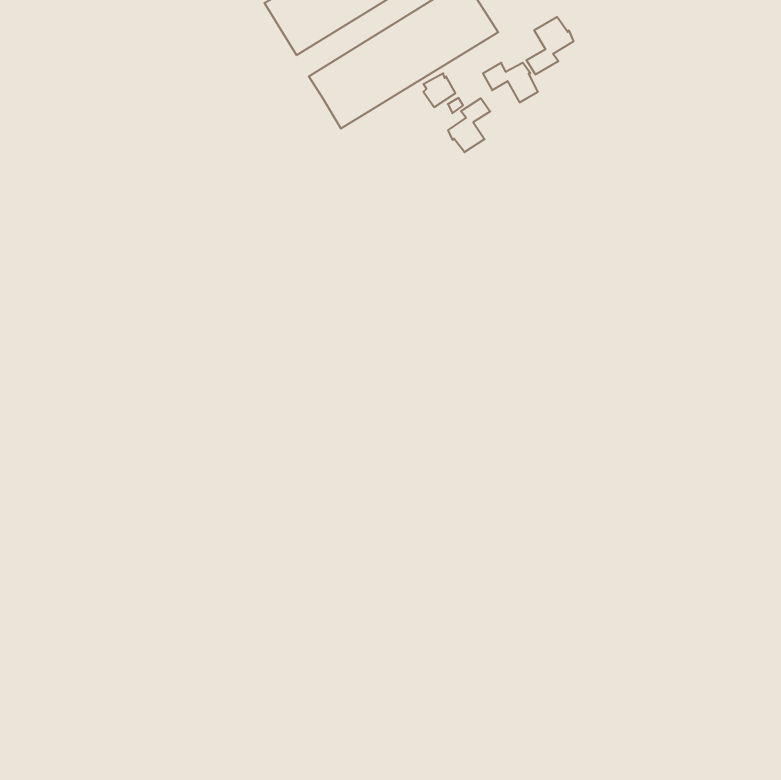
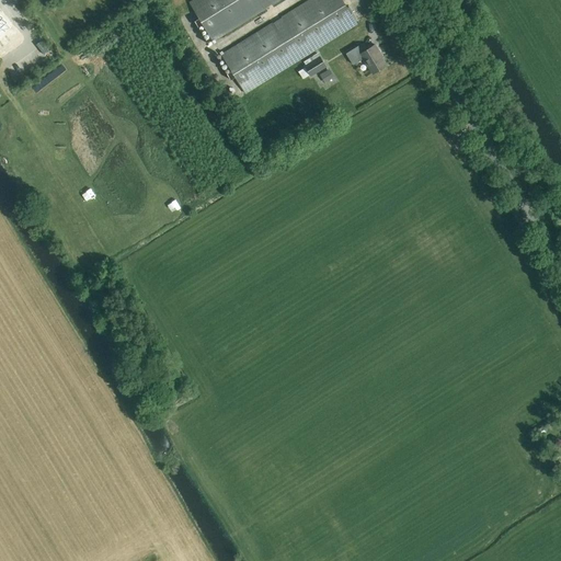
building: [526,17,573,75] -> none
building: [448,98,490,152] -> none

